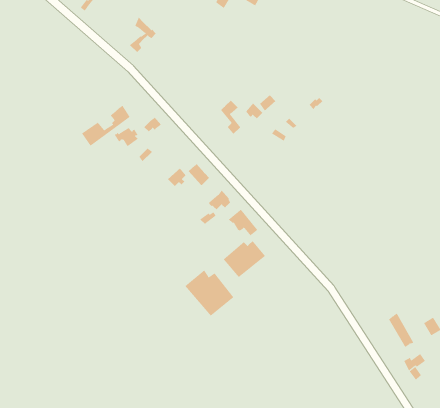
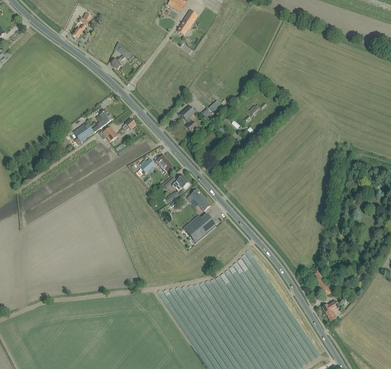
building: [184,269,234,317] -> none

